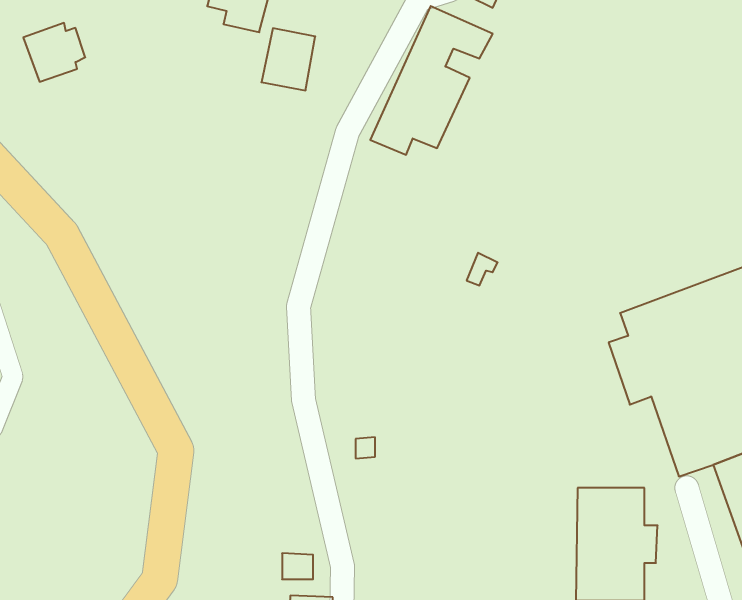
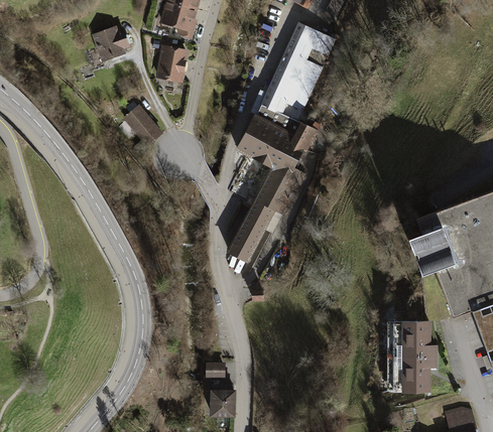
building: [23,23,85,82] -> [92,26,130,62]
building: [261,28,315,90] -> [155,45,189,84]
building: none -> [227,105,318,264]
building: none -> [123,106,163,148]

